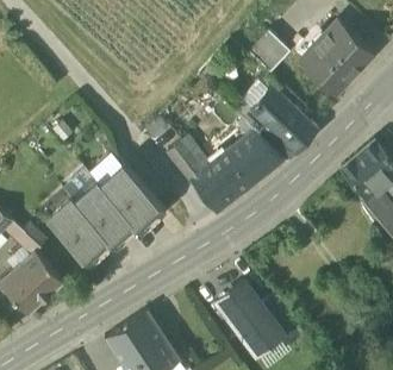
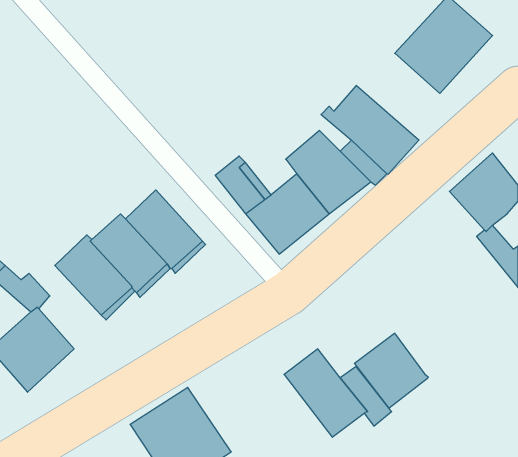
building: [249,32,288,73] -> none
building: none -> [354,333,428,408]

